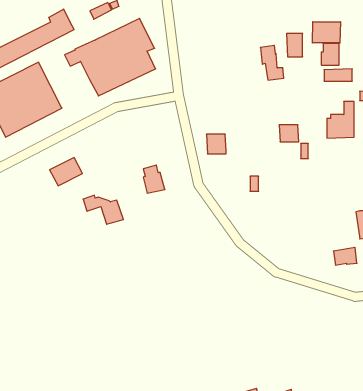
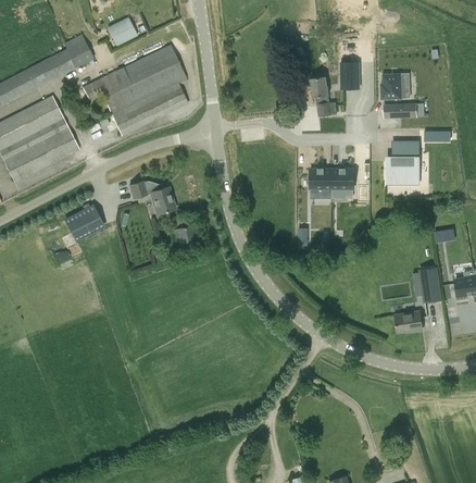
building: [312,22,340,43] -> none
building: [206,134,226,154] -> [310,169,333,191]
building: [83,195,123,224] -> [129,181,176,214]

